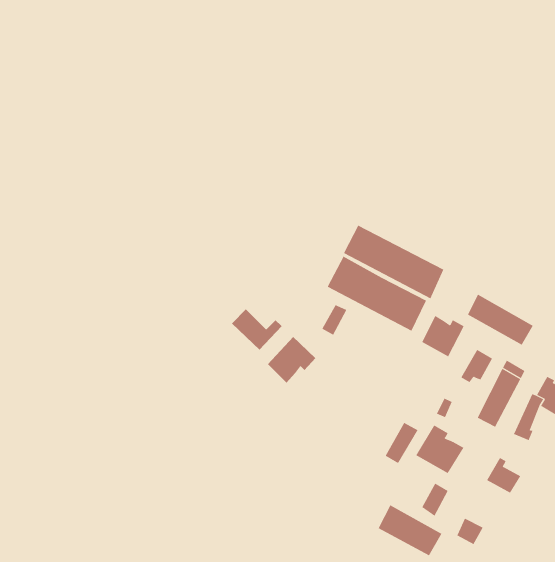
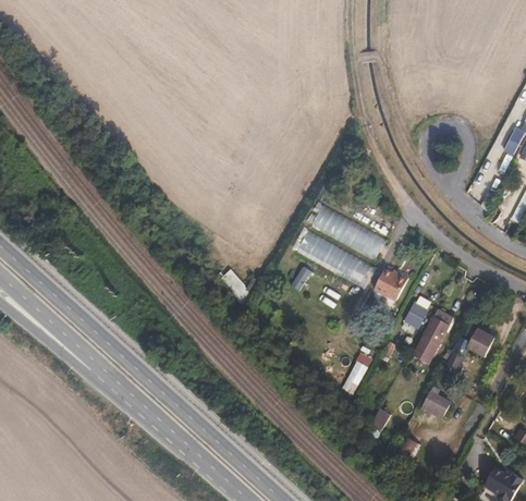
building: [467,294,533,345] -> none
building: [267,336,316,384] -> none
building: [416,425,464,474] -> none
building: [378,505,442,556] -> none

